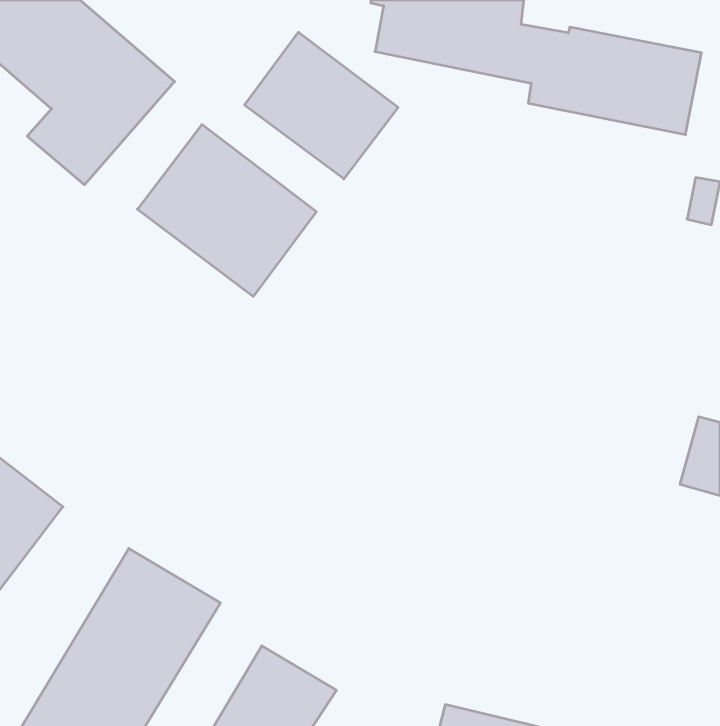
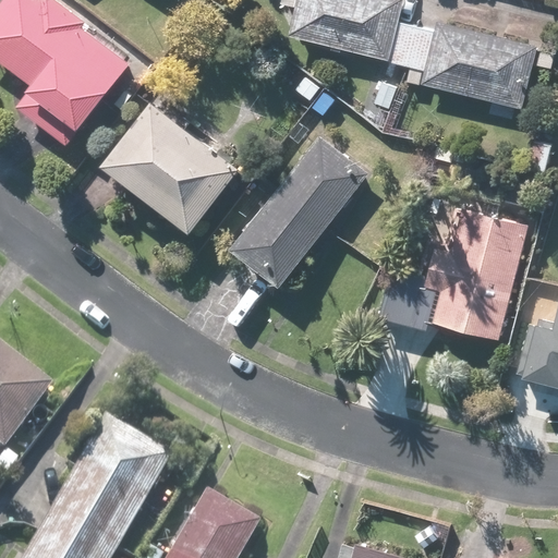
building: [245,32,398,179] -> none
building: none -> [233,135,367,282]
building: none -> [374,203,526,341]

